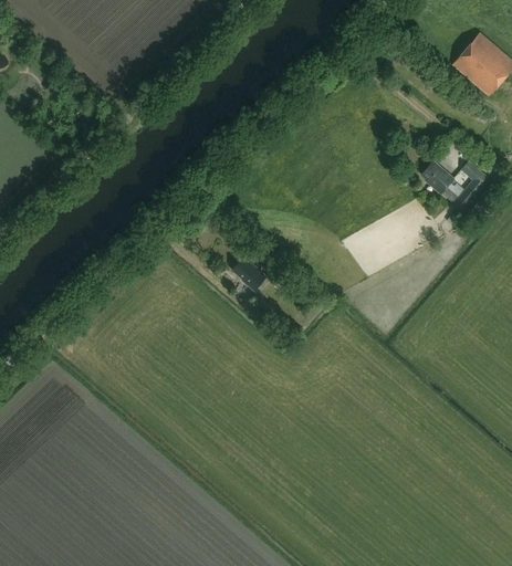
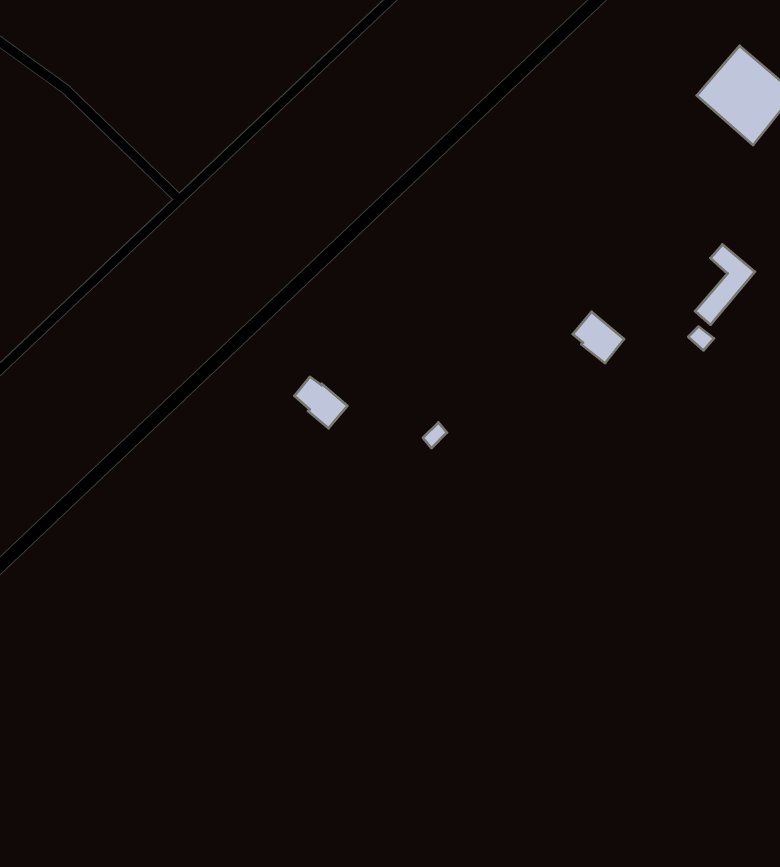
building: [420,160,453,193] -> [573,312,624,363]
building: [231,258,265,291] -> [294,377,347,428]

